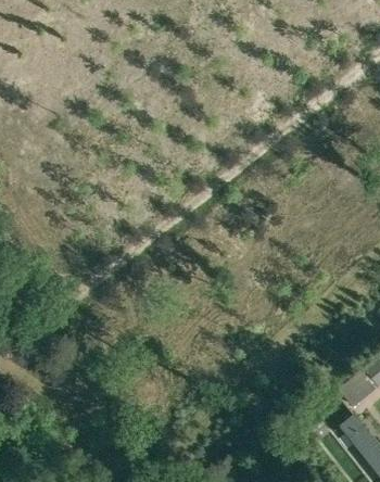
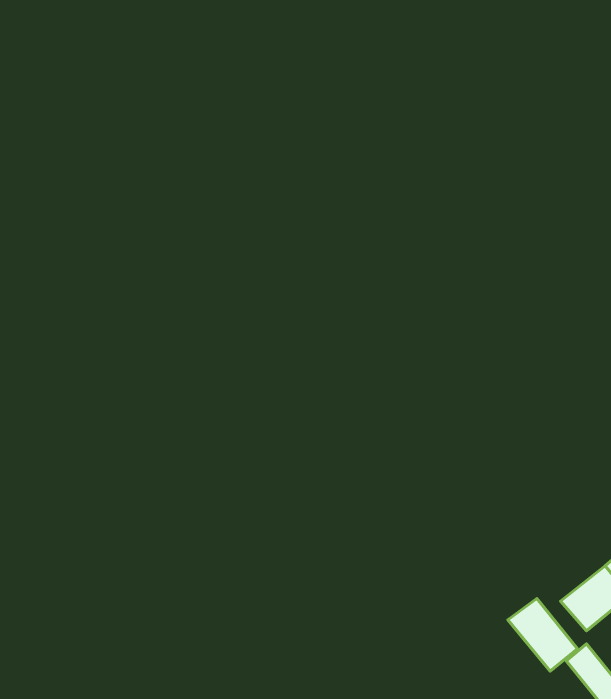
building: none -> [508,598,577,671]

